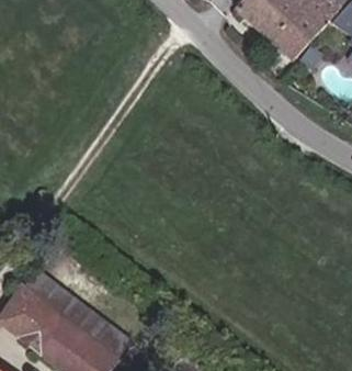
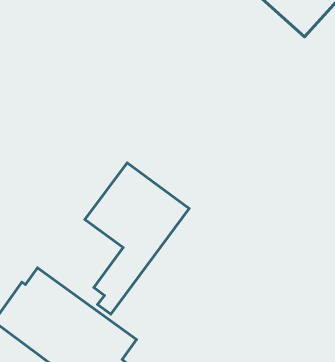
building: none -> [85,163,189,314]

